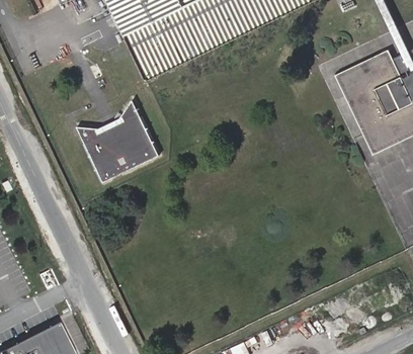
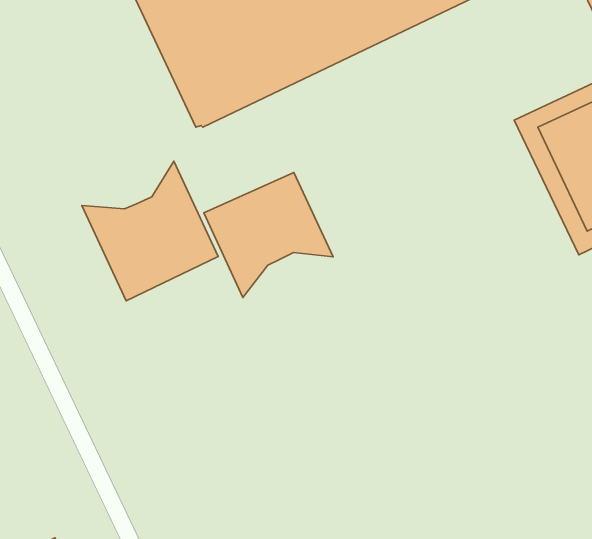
building: none -> [204,172,333,297]

